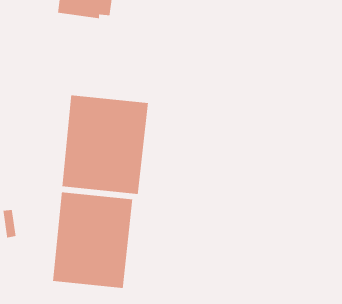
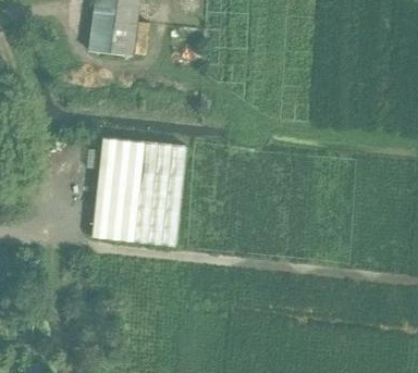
building: [52,191,133,289] -> none

